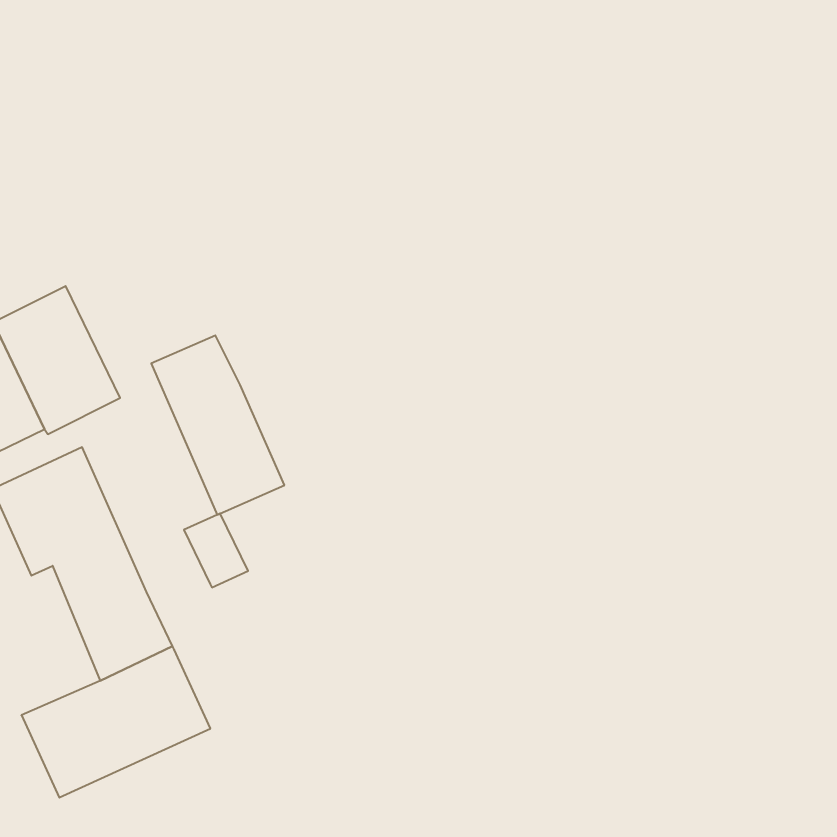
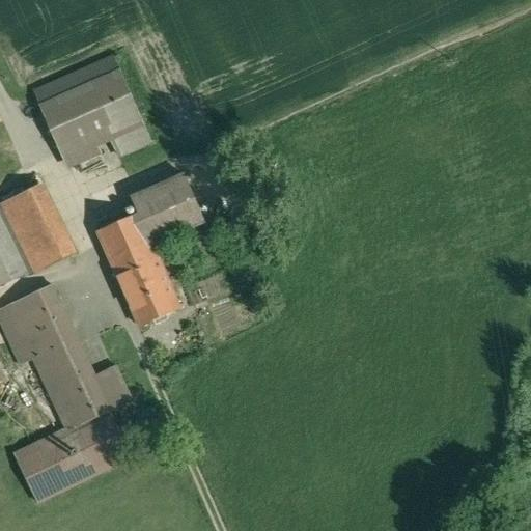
building: none -> [33,56,148,163]
building: none -> [130,173,202,243]
building: [184,513,248,587] -> [92,363,133,410]

